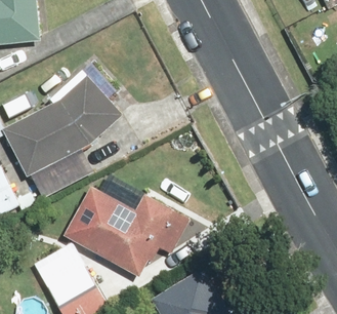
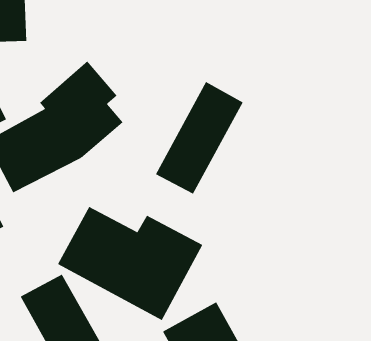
building: none -> [155,81,244,194]

